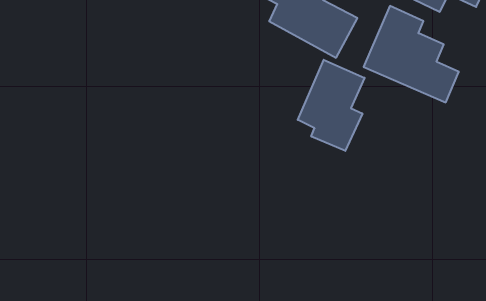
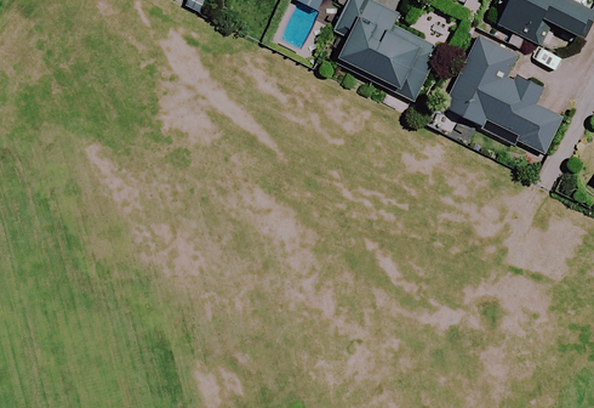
building: [298,60,365,151] -> none

